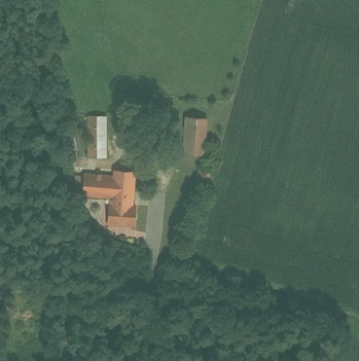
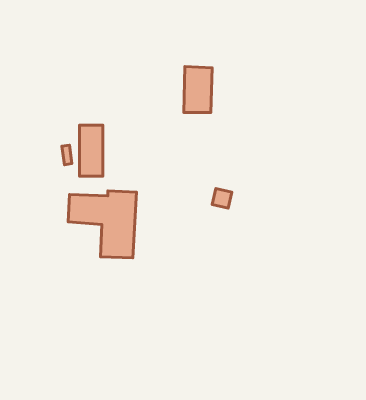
building: [183,117,207,155] -> [184,67,212,112]

